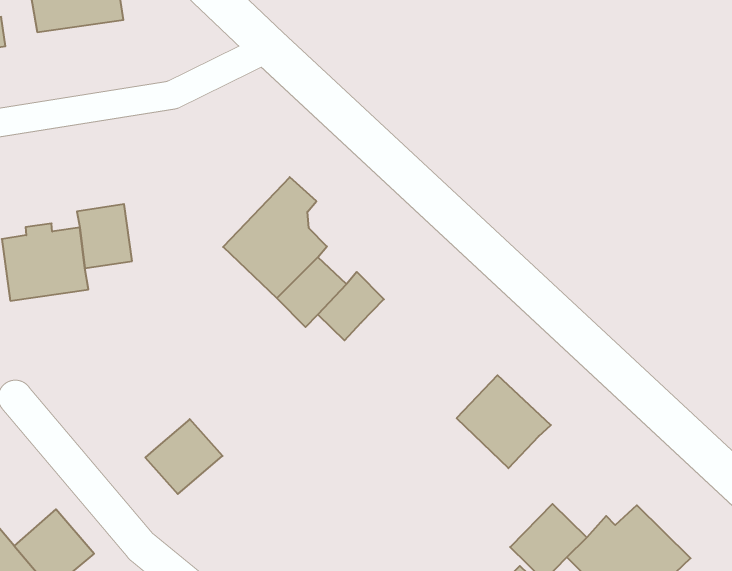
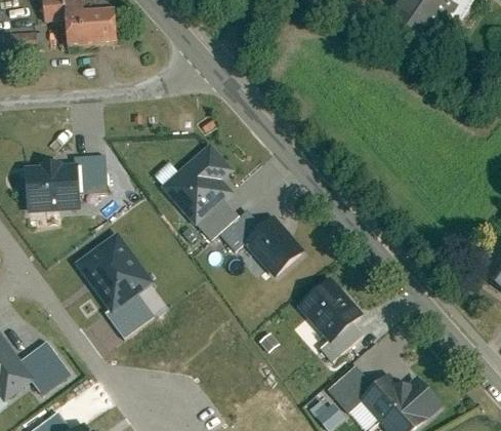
building: none -> [247,220,301,274]
building: none -> [80,238,150,309]
building: none -> [321,321,364,362]

